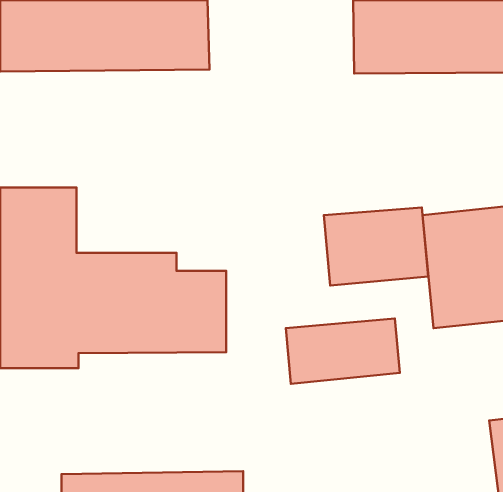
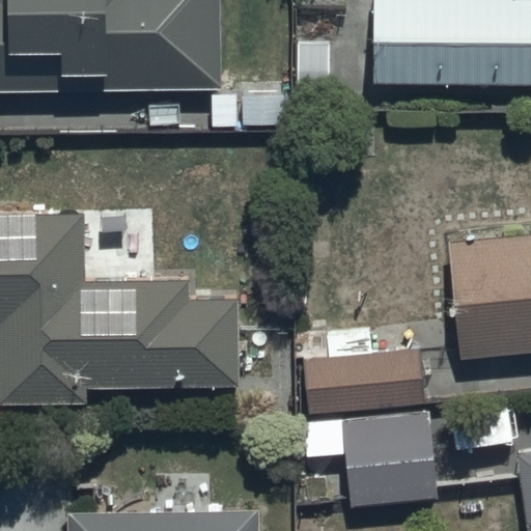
building: [324,207,428,286] -> none
building: none -> [301,406,437,506]

